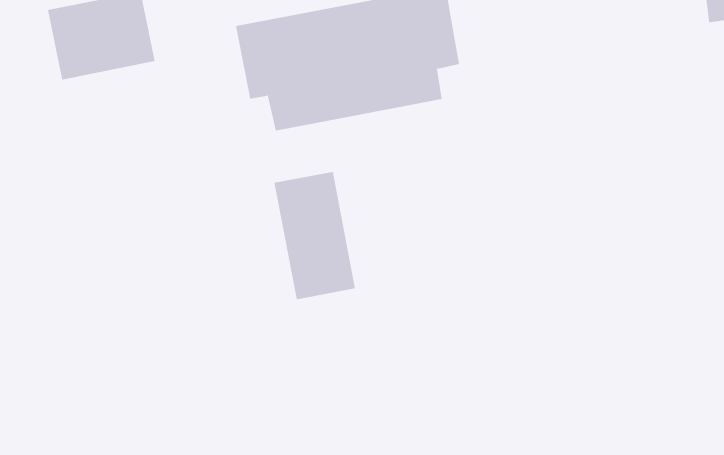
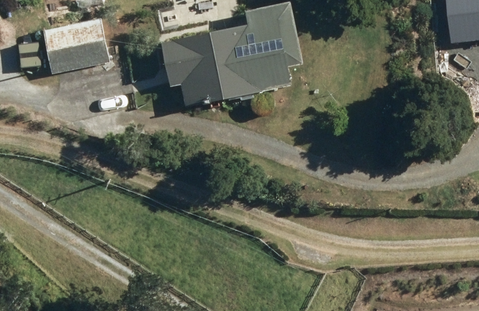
building: [274,171,355,300] -> none

